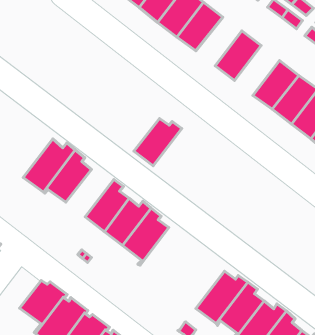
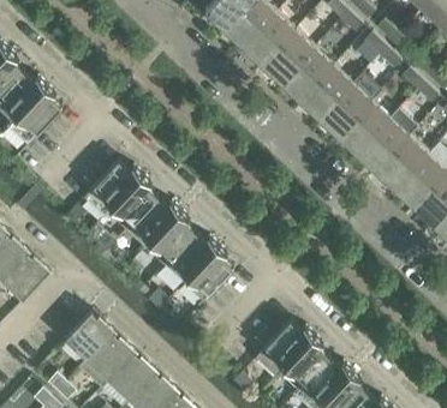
building: none -> [281,48,333,100]
building: none -> [320,83,370,136]
building: [134,118,182,166] -> [125,198,179,248]

